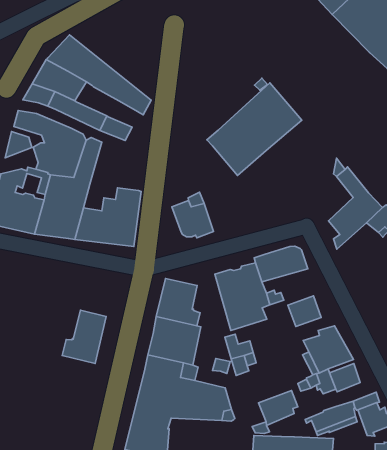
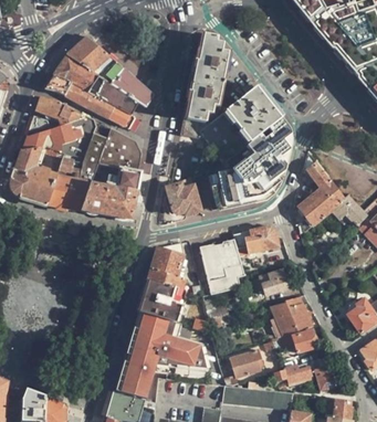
building: none -> [181,33,228,136]
building: none -> [88,78,138,114]
building: none -> [213,118,291,209]
building: none -> [97,127,142,170]
building: [62,310,106,364] -> none

